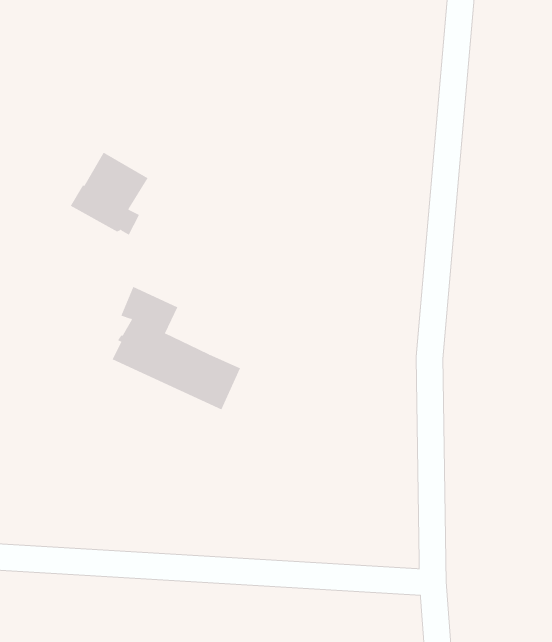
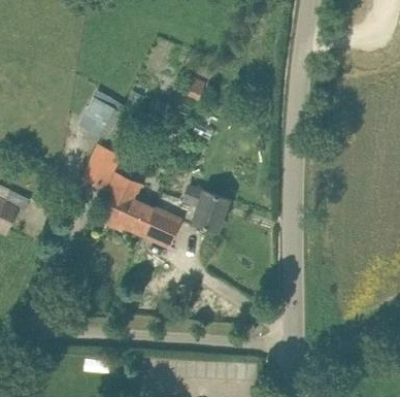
building: none -> [84,144,123,189]
building: none -> [184,189,229,231]

